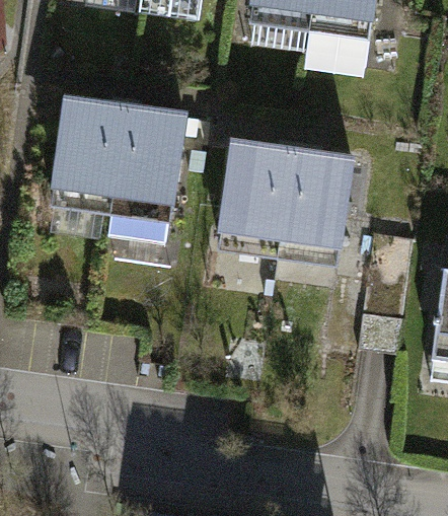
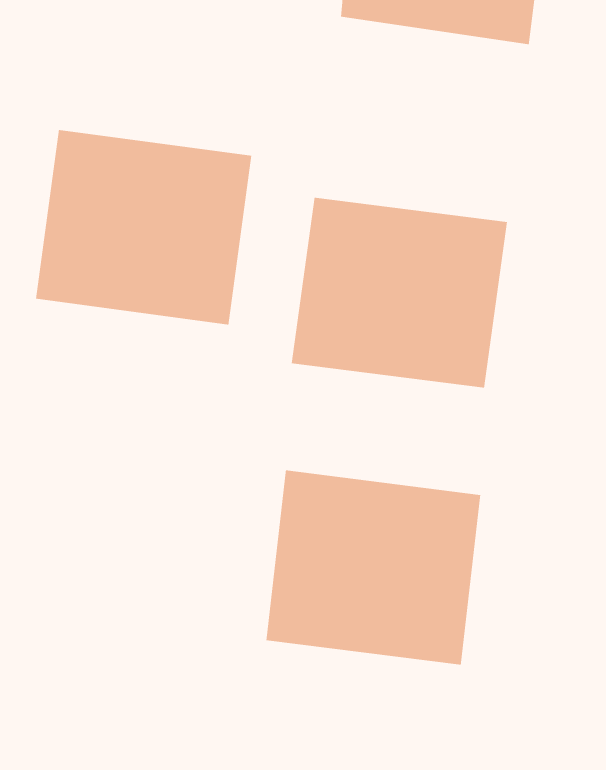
building: none -> [266,470,481,665]

